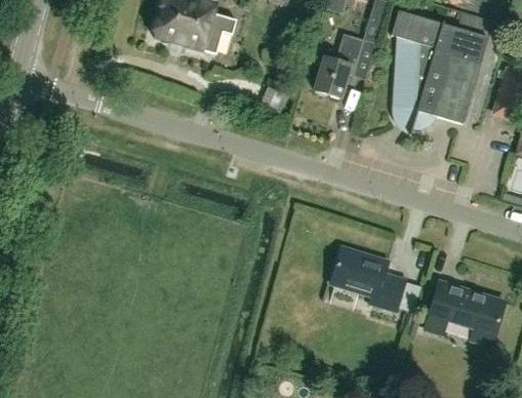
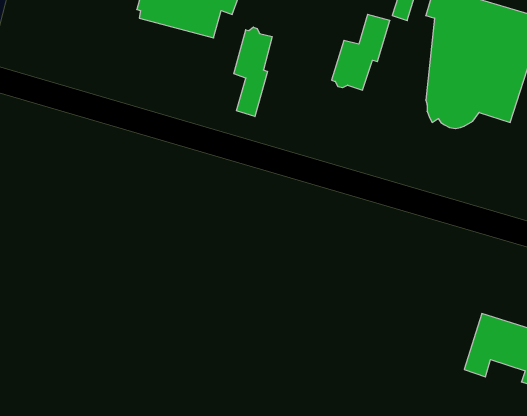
building: none -> [234,27,272,117]
building: [334,245,406,310] -> none

